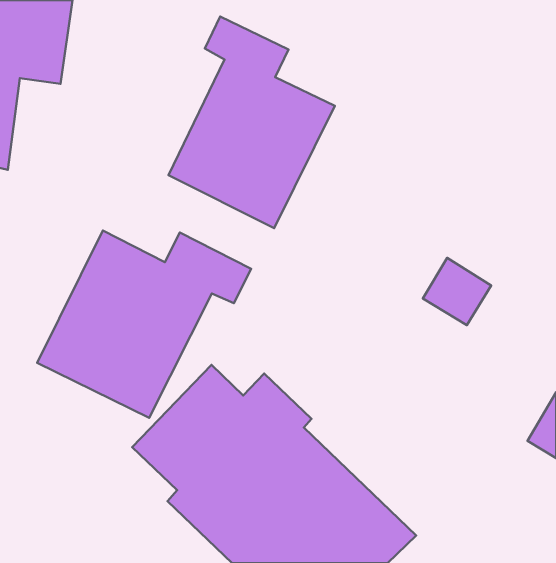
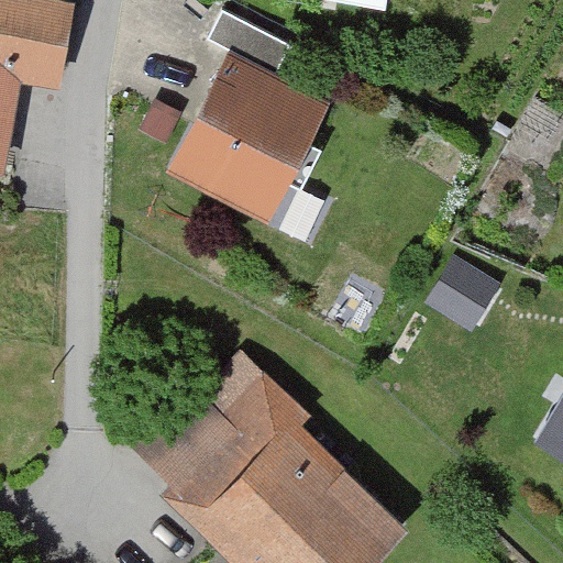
building: [37,230,251,418] -> none

